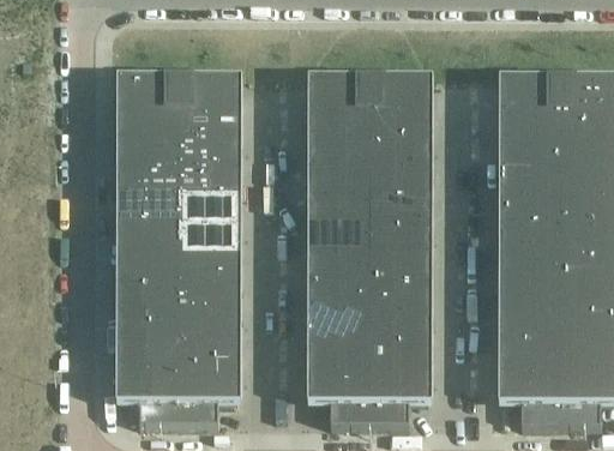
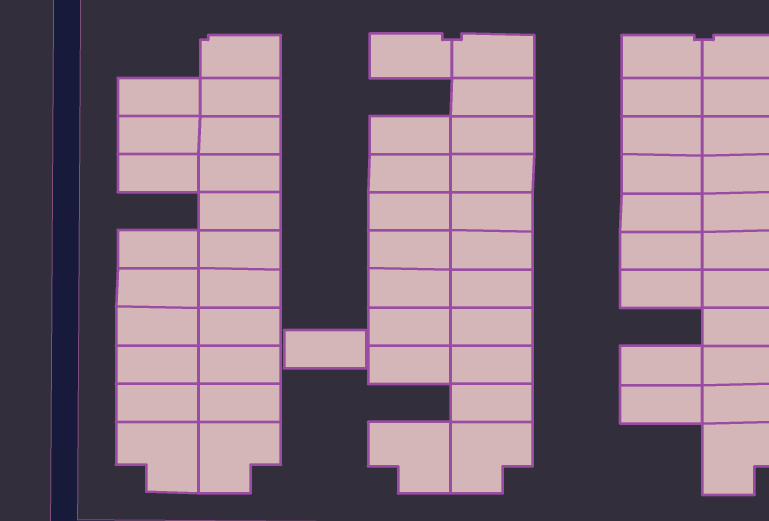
building: [118,72,180,106] -> none
building: [308,106,371,134] -> none
building: [118,192,179,221] -> none
building: [498,279,560,308] -> none
building: [307,337,369,366] -> [284,330,366,368]
building: [498,367,560,421] -> none

